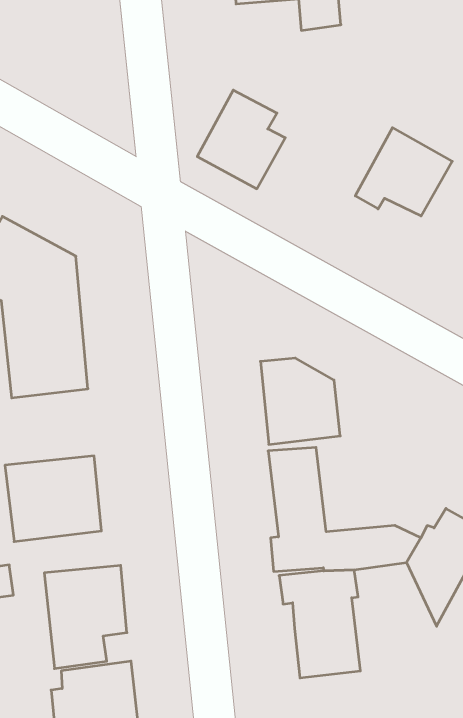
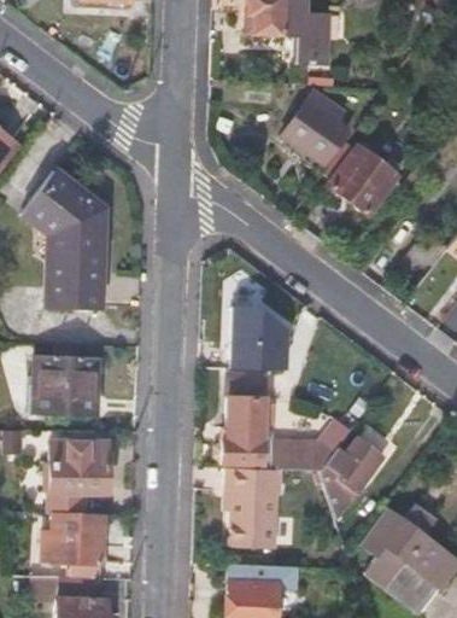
building: [197,90,285,189] -> [282,88,350,164]

